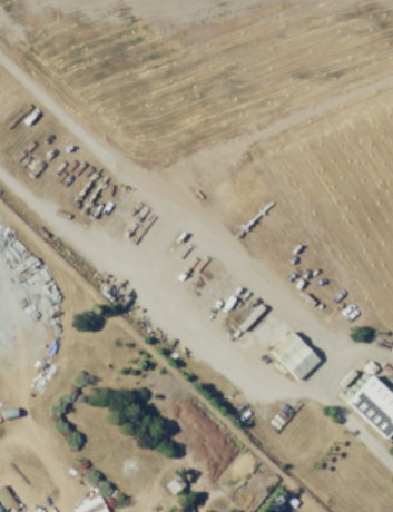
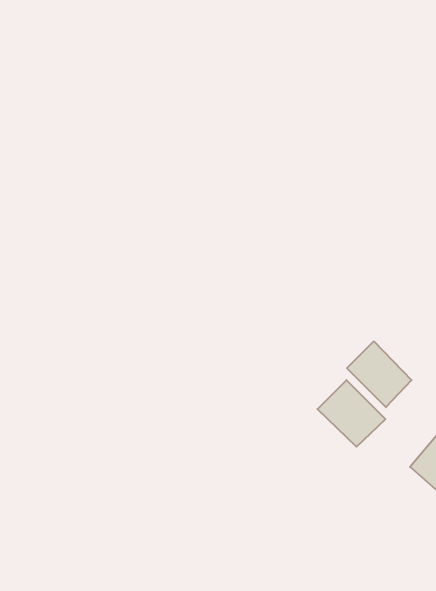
building: none -> [347,341,412,407]

